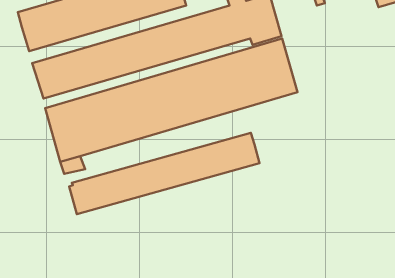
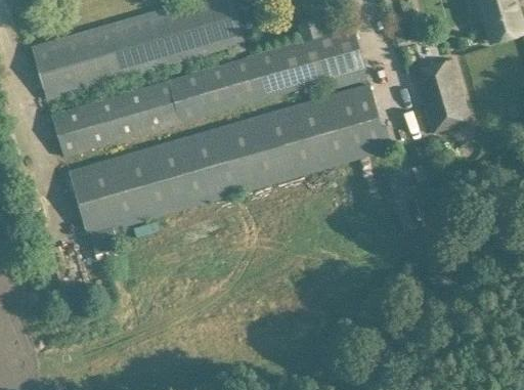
building: none -> [416,59,472,133]
building: [69,133,260,214] -> none

